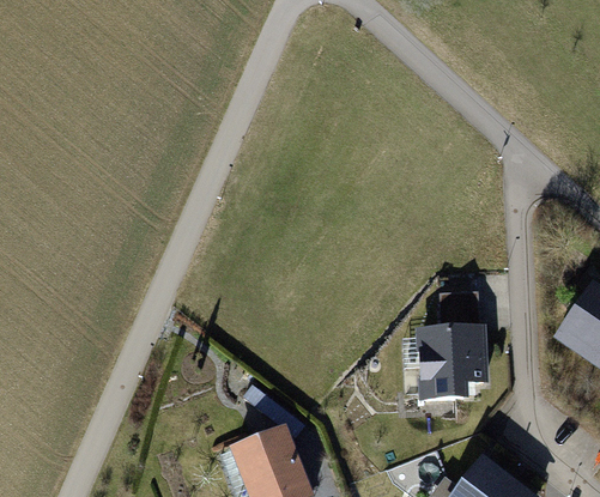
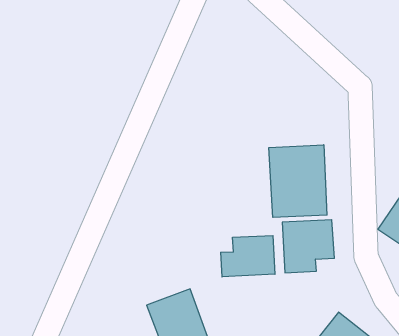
building: none -> [269,145,327,217]
building: none -> [221,236,275,277]

